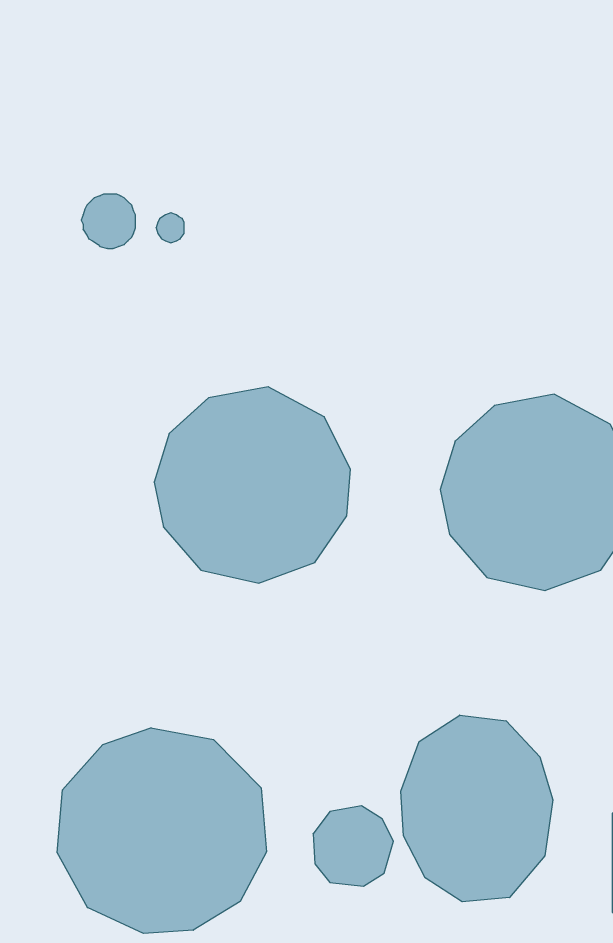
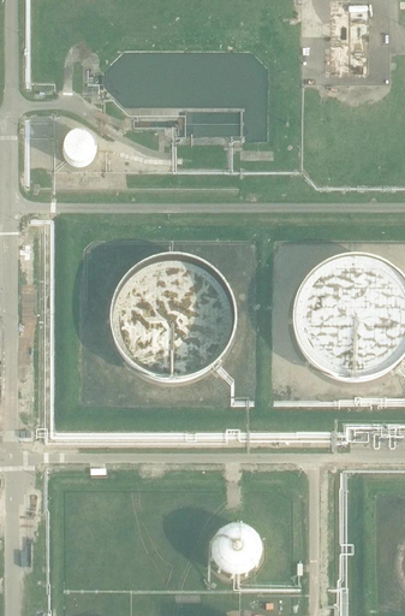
building: [401,715,553,902] -> none
building: [57,728,266,933] -> none

